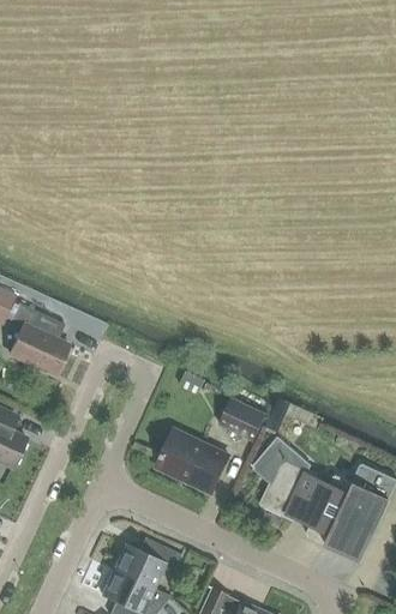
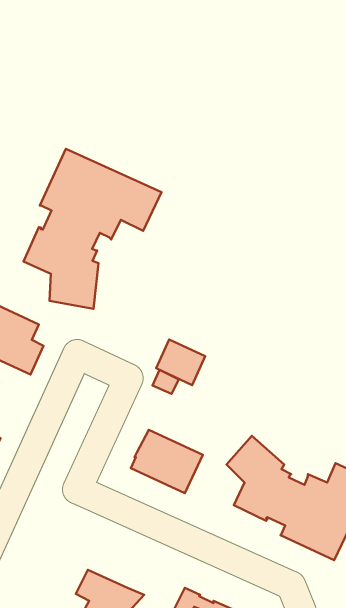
building: none -> [24,149,162,309]
building: [216,397,265,443] -> [156,340,205,385]
building: [113,538,180,589] -> none

